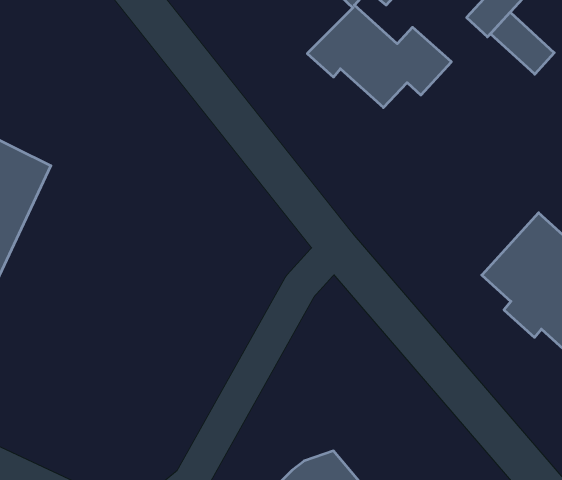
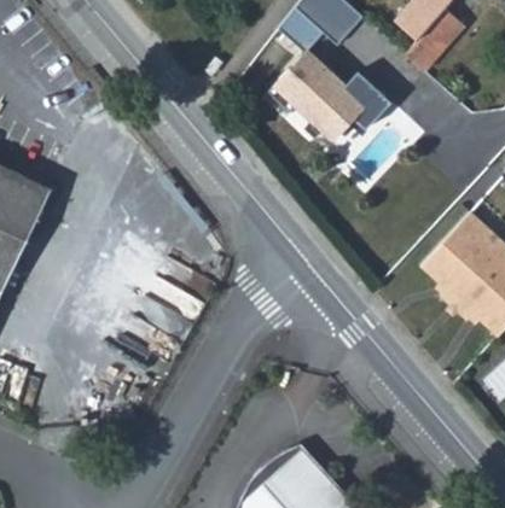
building: [491,12,554,74] -> none

